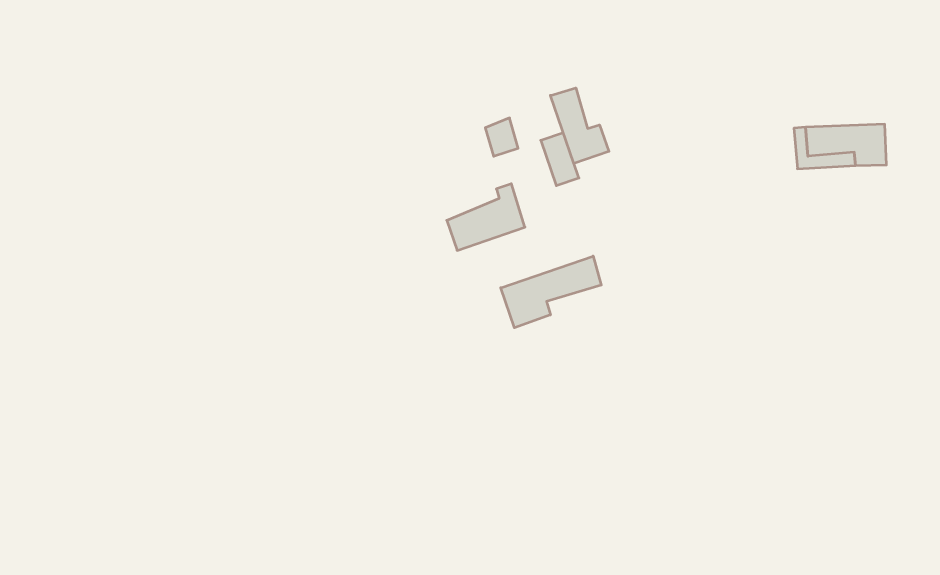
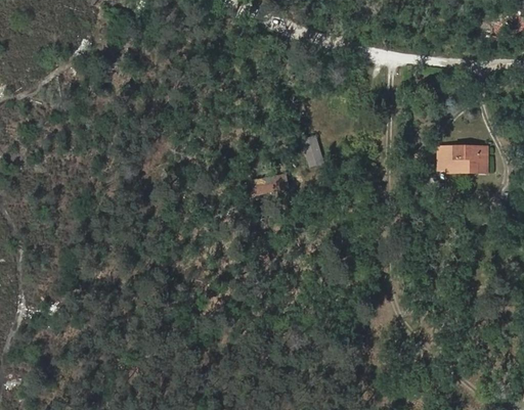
building: [550,88,609,163] -> none
building: [501,256,601,328] -> none

